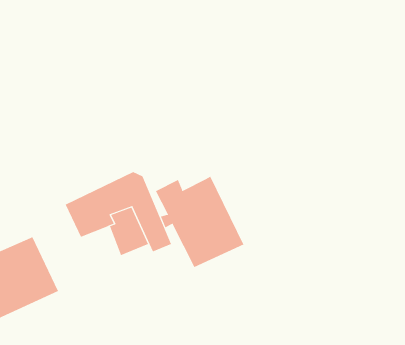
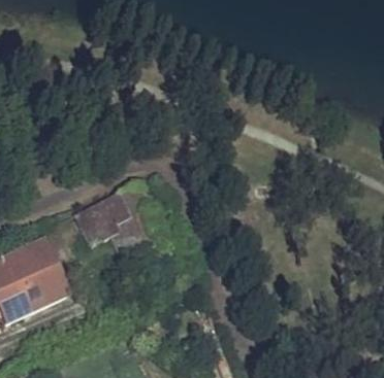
building: [155,176,244,268] -> none

